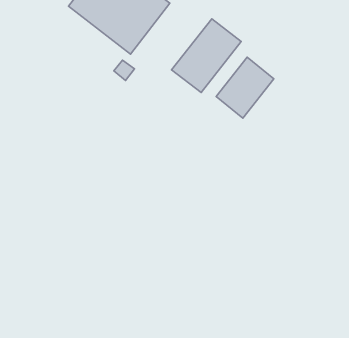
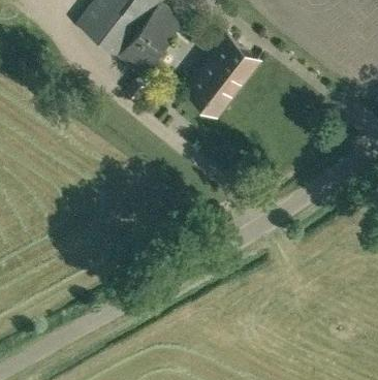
building: [216,57,274,118] -> none

